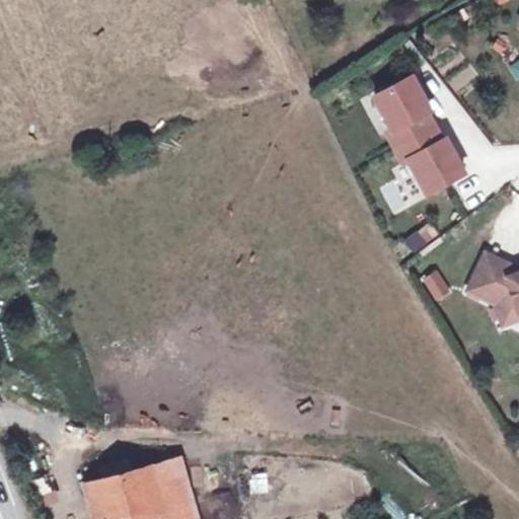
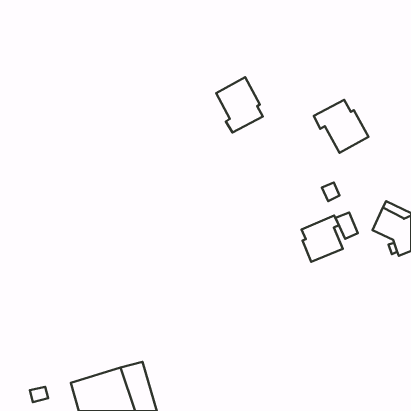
building: [375,76,434,146] -> [216,77,263,133]
building: none -> [302,215,343,262]

